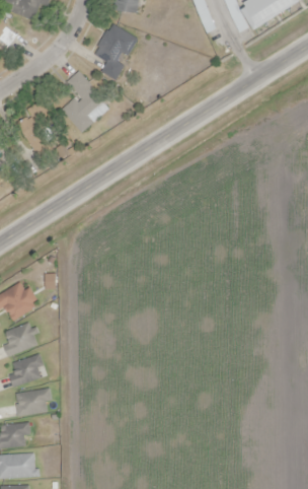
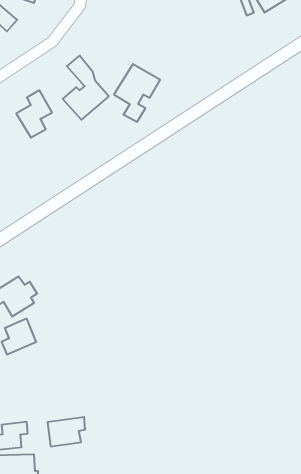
building: [93,23,138,79] -> [114,64,160,122]
building: [10,355,41,387] -> none
building: [13,388,50,416] -> [47,417,85,446]

